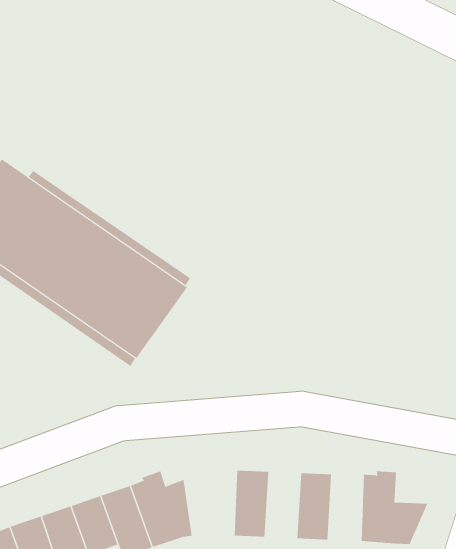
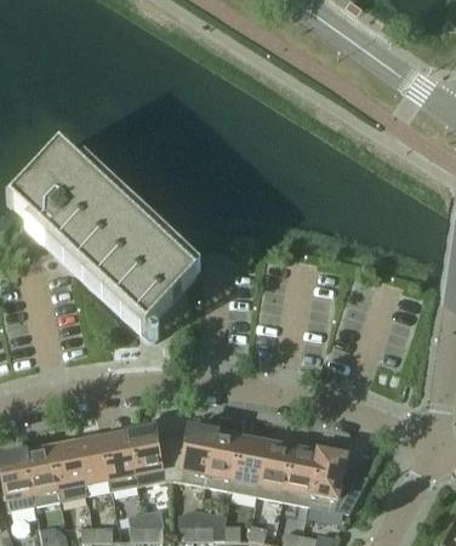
building: none -> [171,422,215,484]
building: none -> [230,436,267,494]
building: none -> [281,445,318,504]

